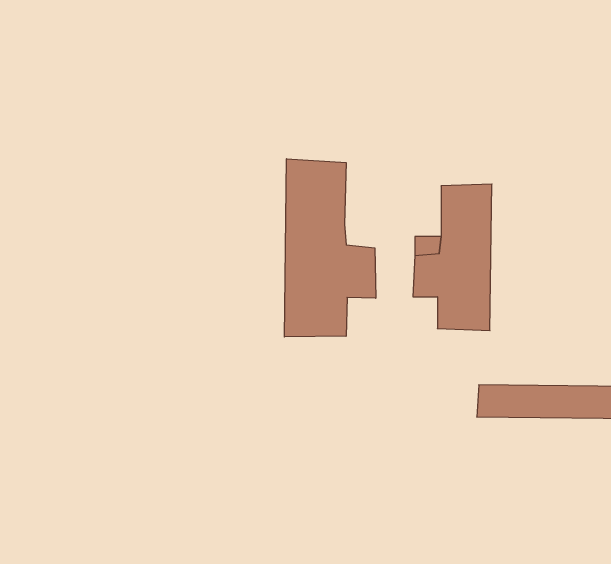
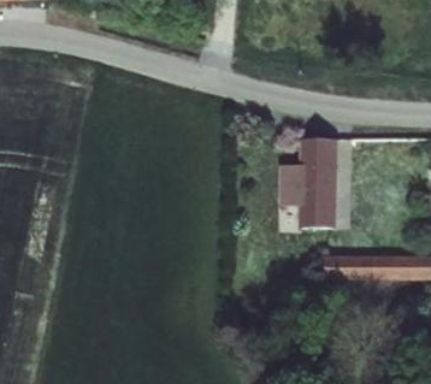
building: [284,159,376,337] -> none

